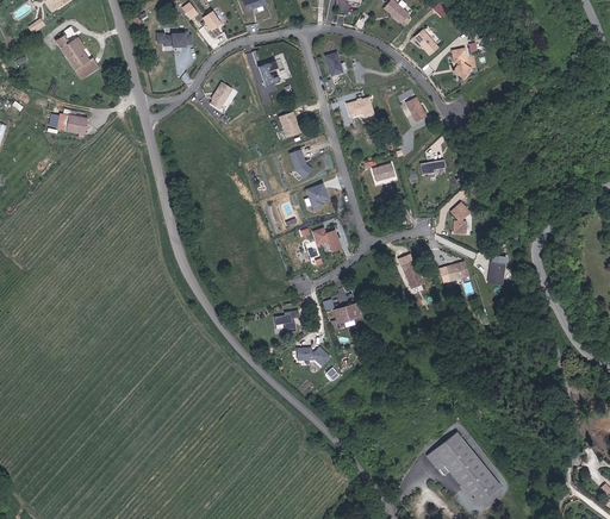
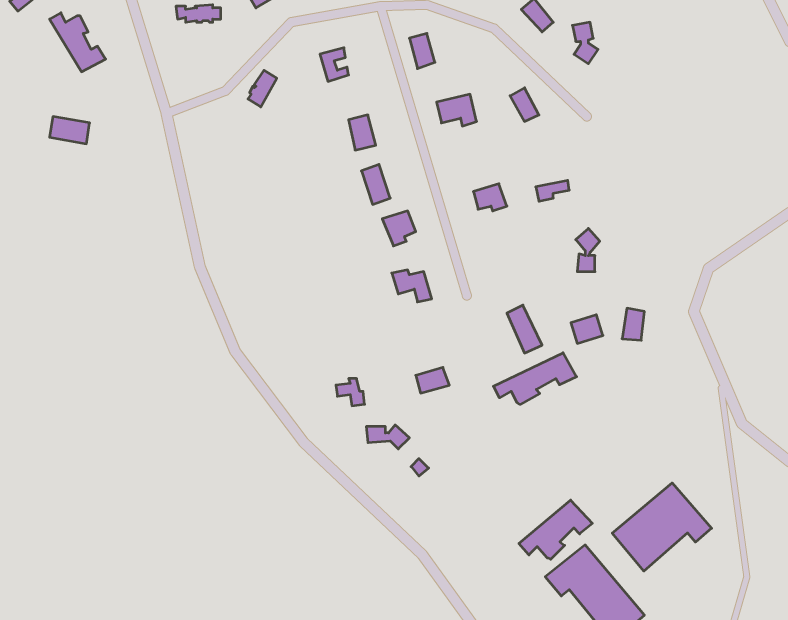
building: none -> [493,353,577,404]
building: none -> [612,483,712,571]
building: none -> [519,500,592,559]

